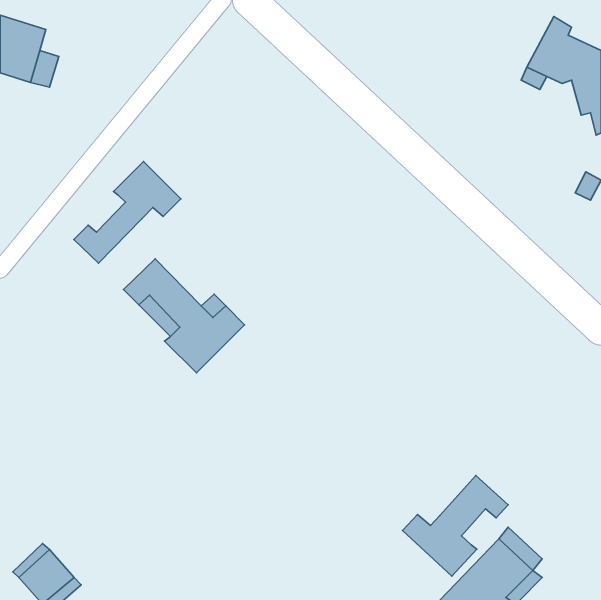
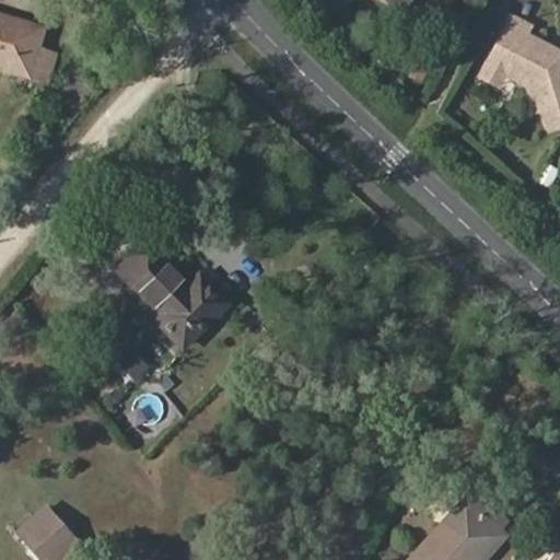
building: [74,161,181,263] -> none
building: [403,476,508,576] -> none

